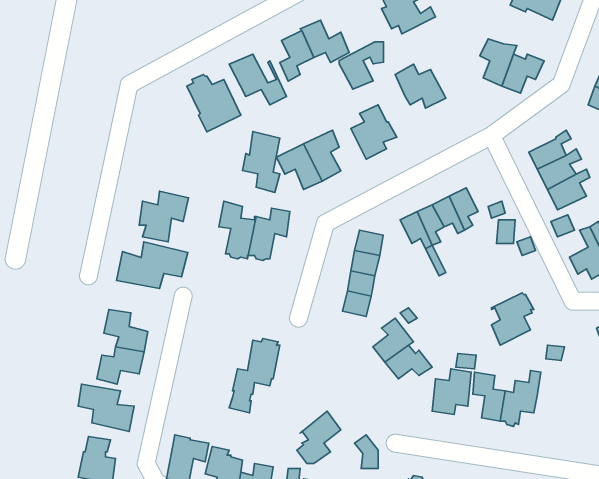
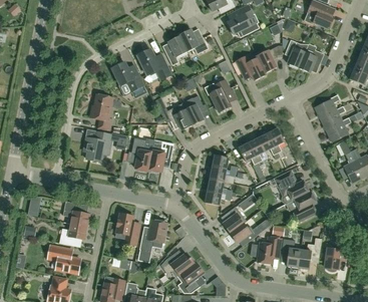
building: [339,42,383,89] -> [257,45,283,73]
building: [243,131,280,192] -> [90,93,112,129]
building: [116,242,188,288] -> none
building: none -> [275,170,309,203]
building: none -> [115,213,140,245]
building: none -> [325,243,348,271]
building: none -> [160,252,196,277]

